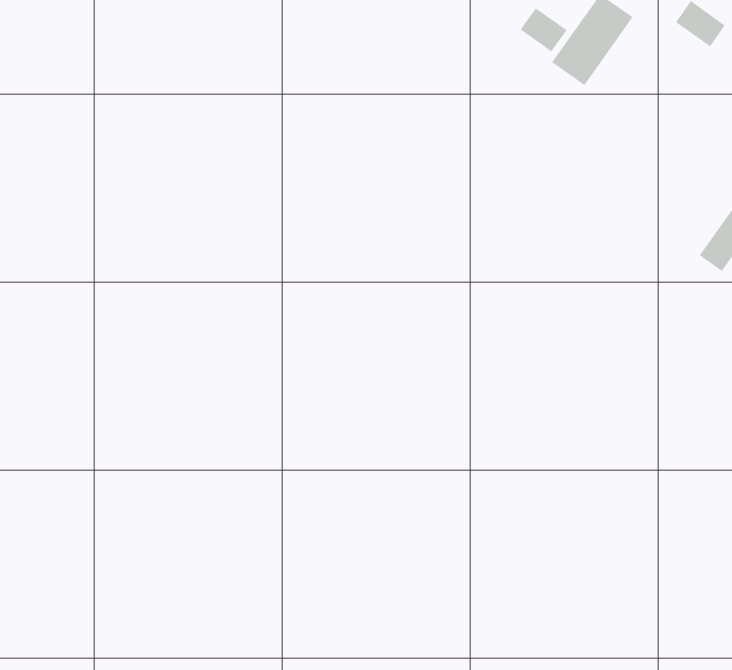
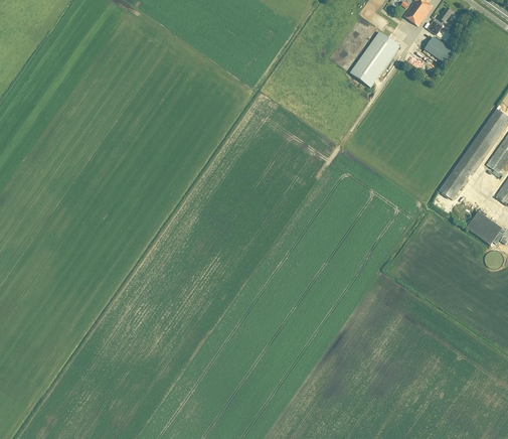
building: [520,8,567,52] -> none

